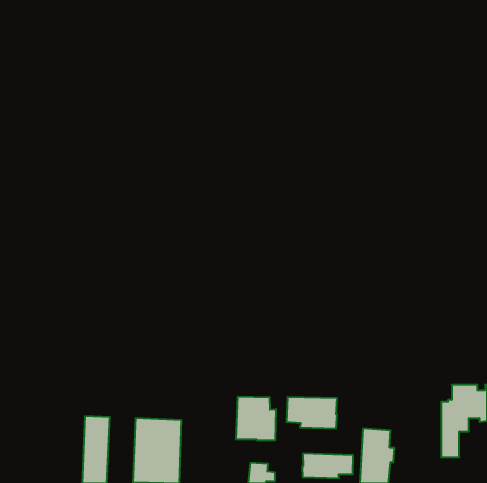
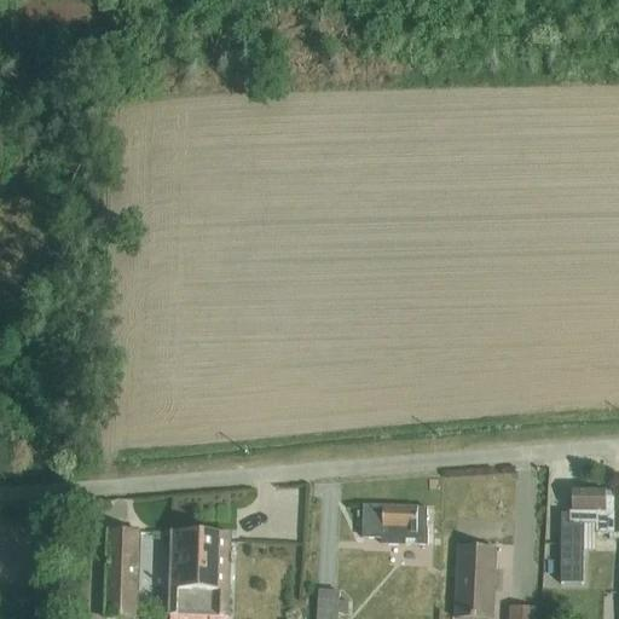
building: [236,397,276,440] -> none
building: [302,453,353,478] -> none

